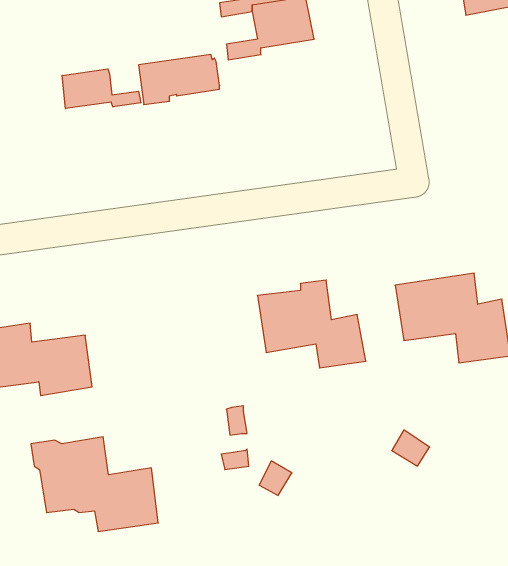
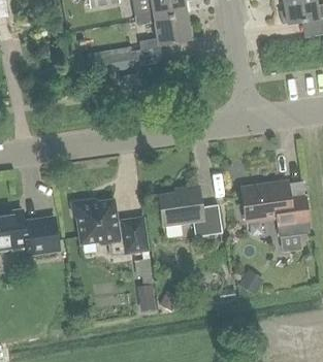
building: [62,69,141,109] -> none
building: [31,437,158,532] -> [71,198,148,255]

